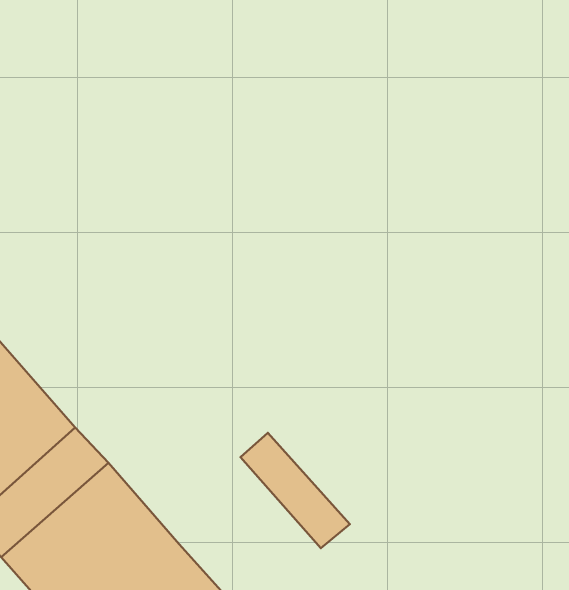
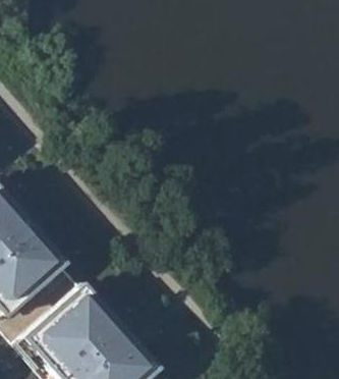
building: [240,433,350,548] -> none

